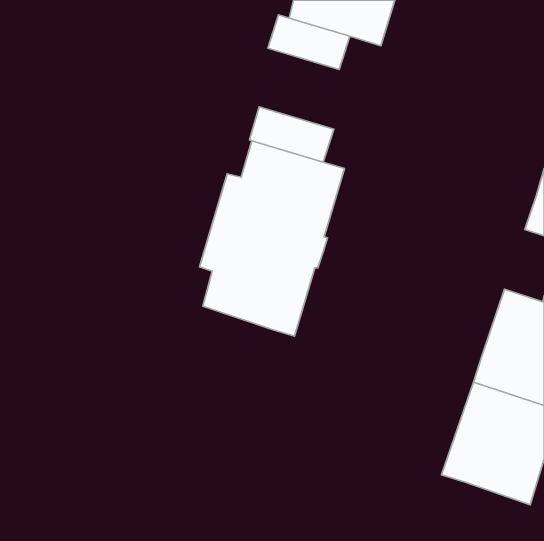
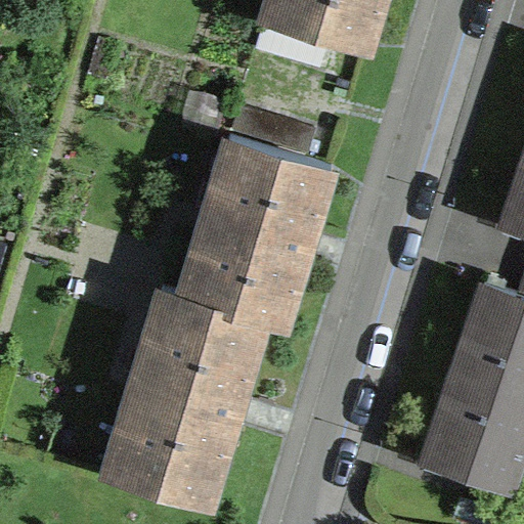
building: none -> [119,292,262,504]

